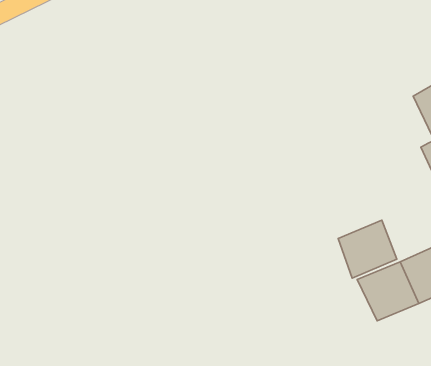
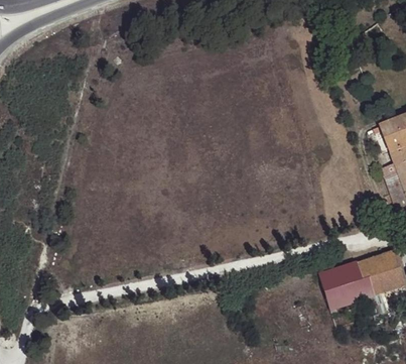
building: [338,220,397,278] -> none

